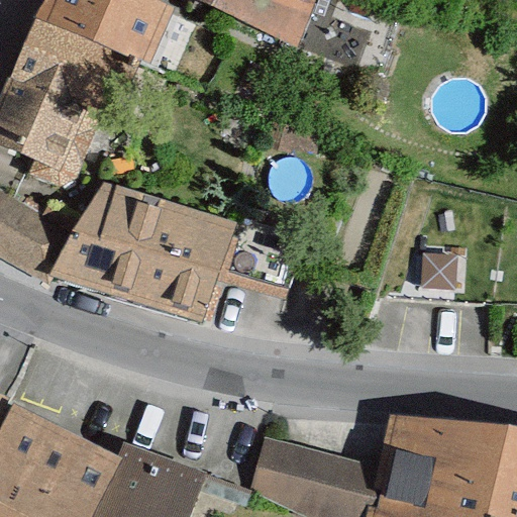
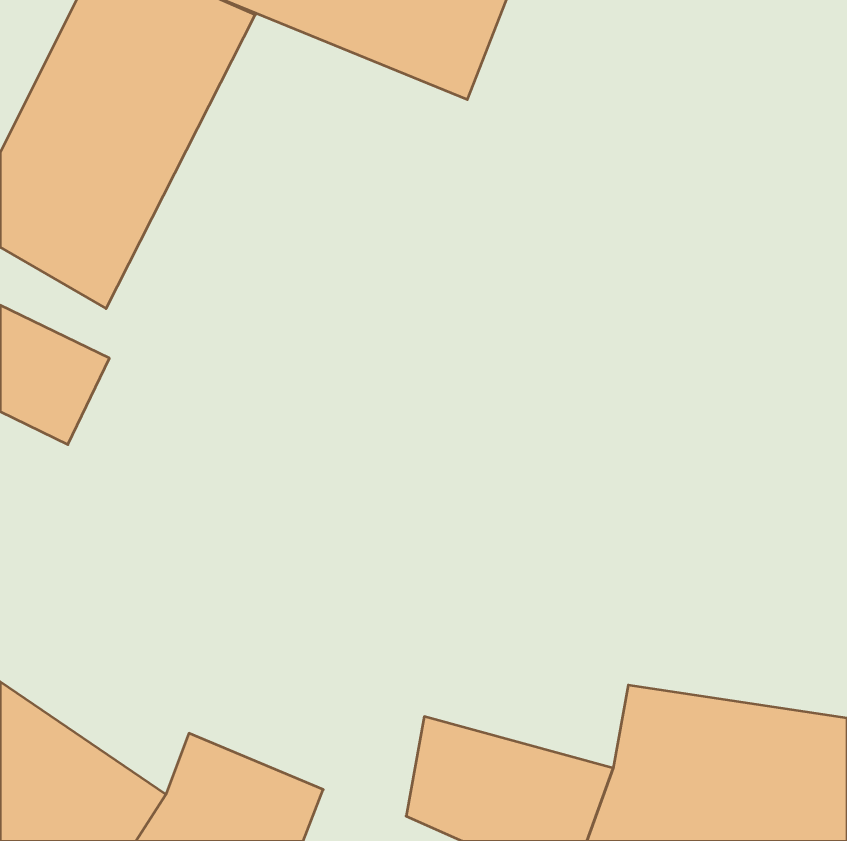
building: [62,185,242,316] -> none

